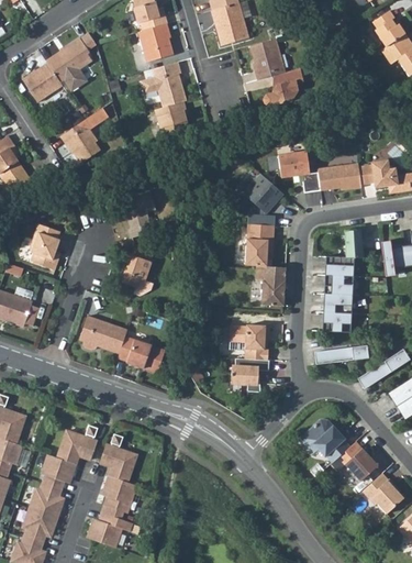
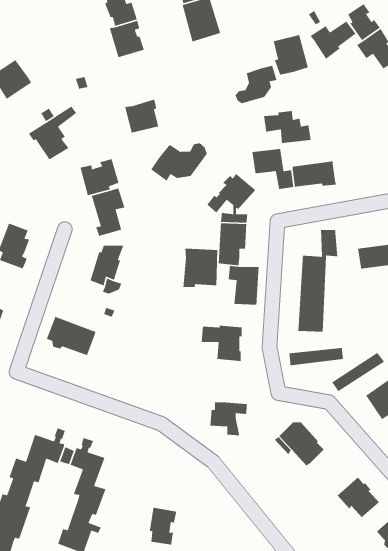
building: none -> [309,21,356,60]
building: [45,37,91,81] -> none
building: [250,40,286,80] -> [273,34,309,76]
building: [141,63,185,109] -> none
building: none -> [150,142,208,182]
building: none -> [80,158,119,196]
building: [358,161,405,194] -> [263,110,311,144]
building: none -> [183,248,218,288]
building: [116,334,164,374] -> none
building: [232,357,269,391] -> [210,401,248,436]
building: [335,440,376,481] -> none
building: none -> [149,507,177,545]

